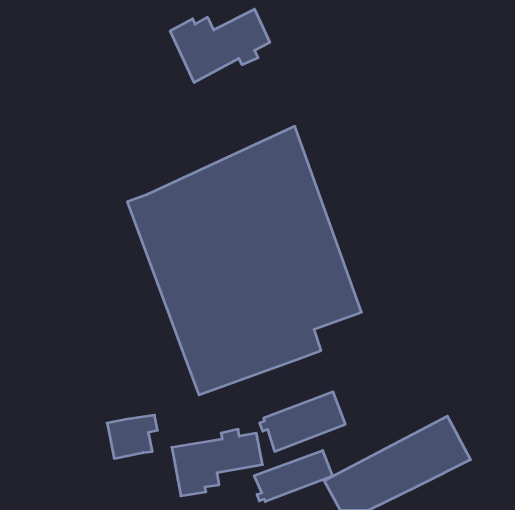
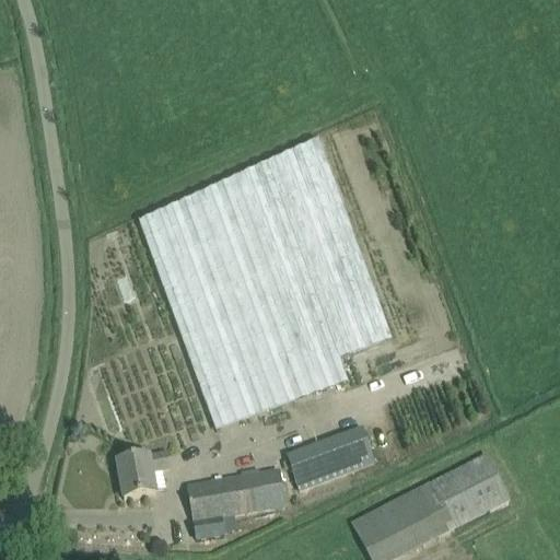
building: [170,9,270,83] -> none
building: [254,450,332,502] -> none

